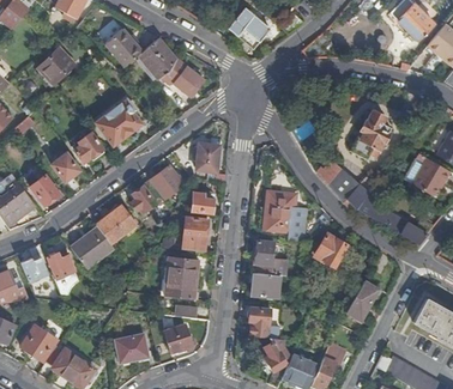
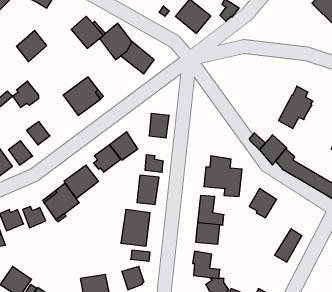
building: [73,132,104,163] -> [12,81,39,107]

